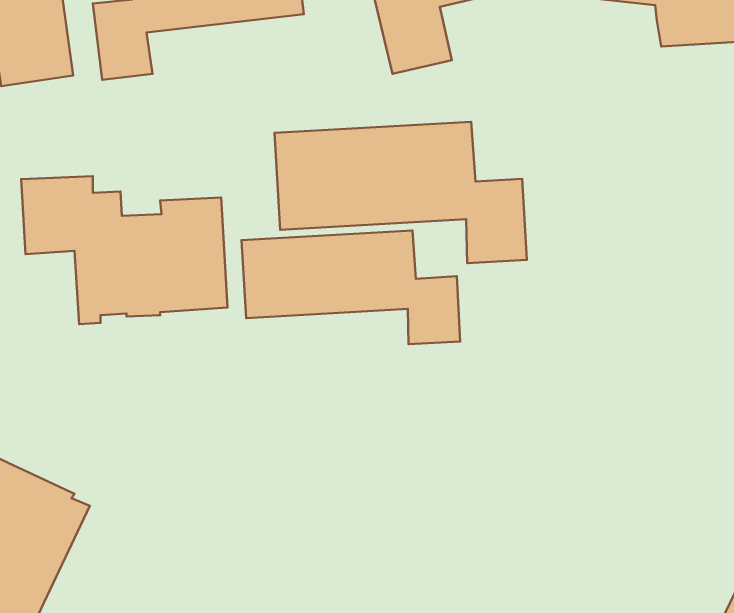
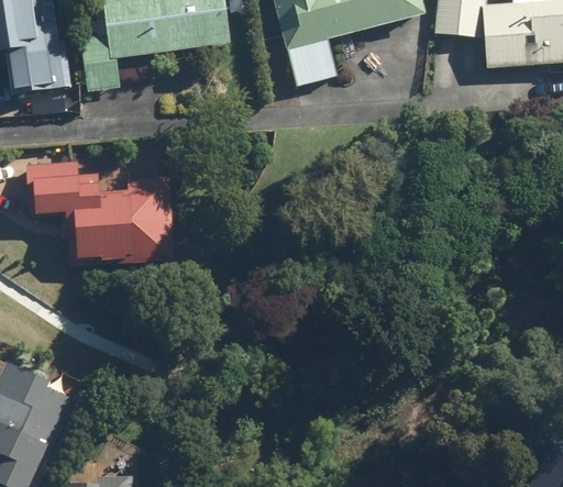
building: [275,122,527,263] -> none
building: [241,231,460,344] -> none

